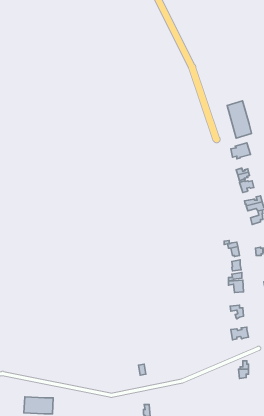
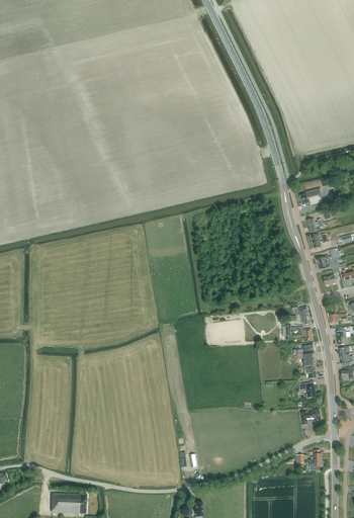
building: [227,101,252,138] -> none

